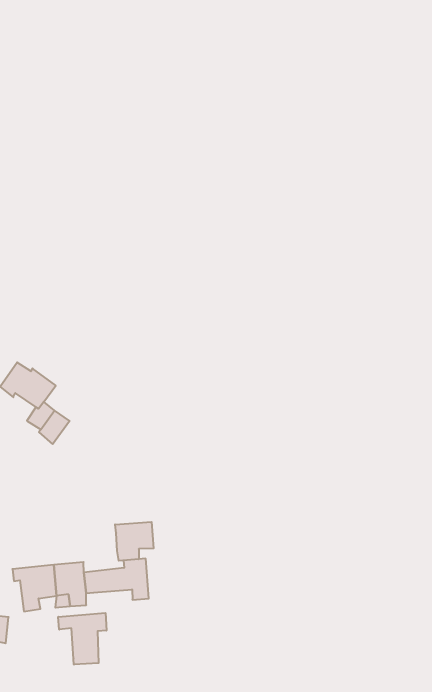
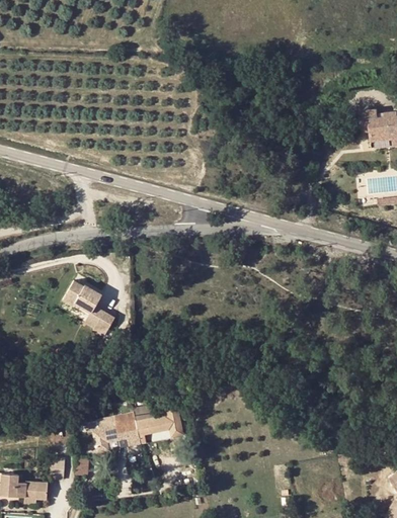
building: [115,522,154,561] -> none
building: [58,613,106,665] -> none

